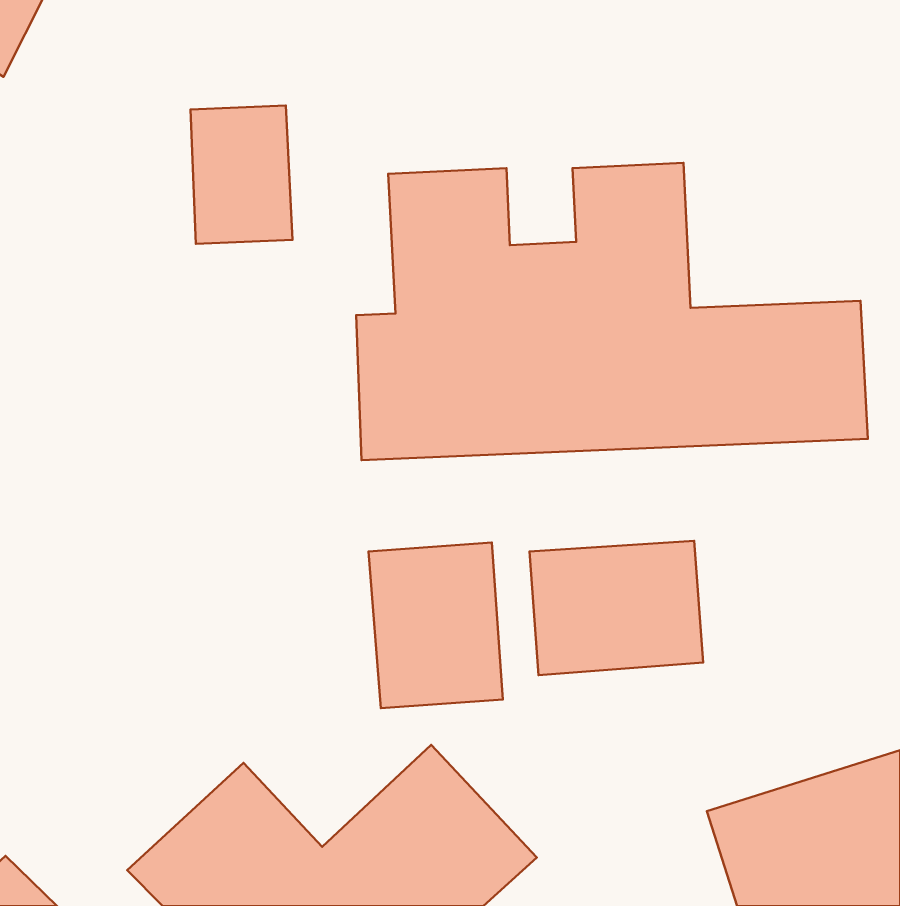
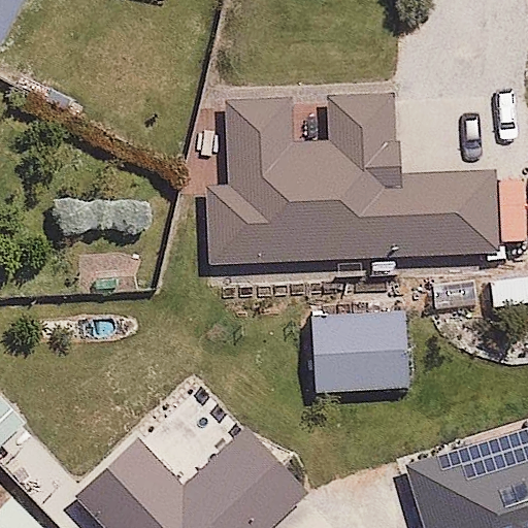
building: [191,105,293,244] -> none
building: [368,542,503,708] -> none

